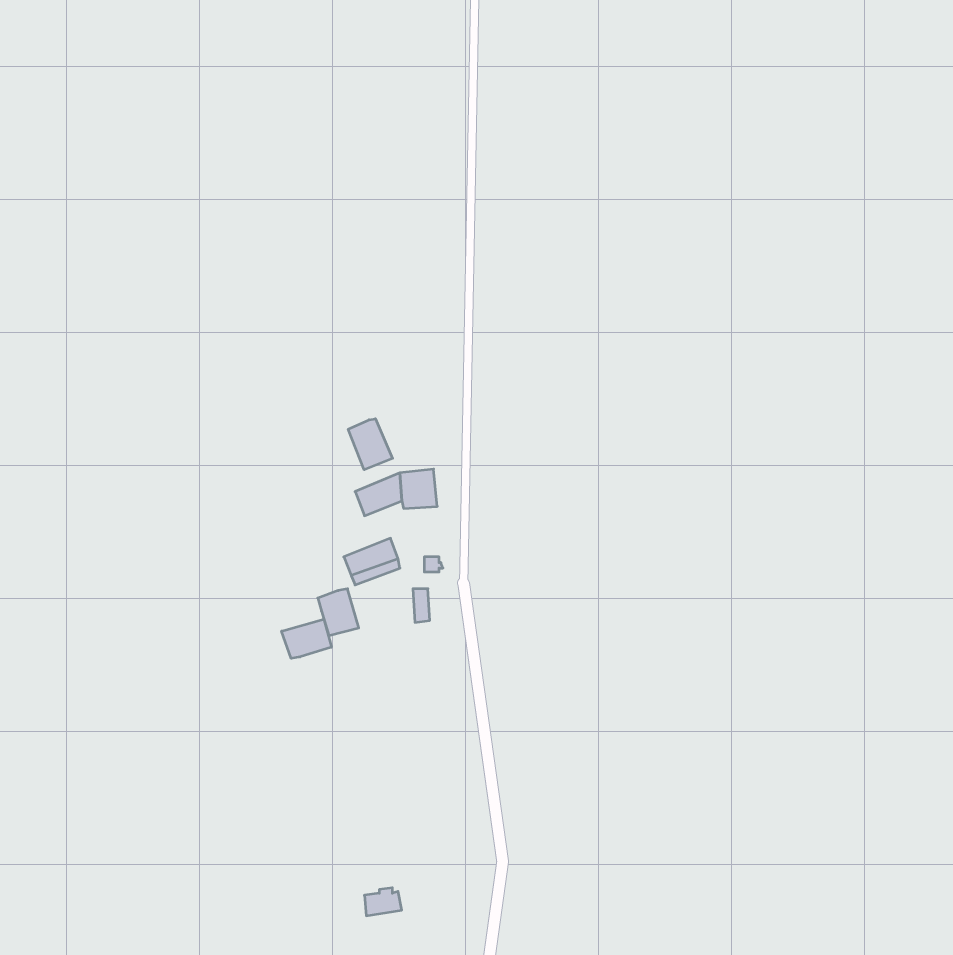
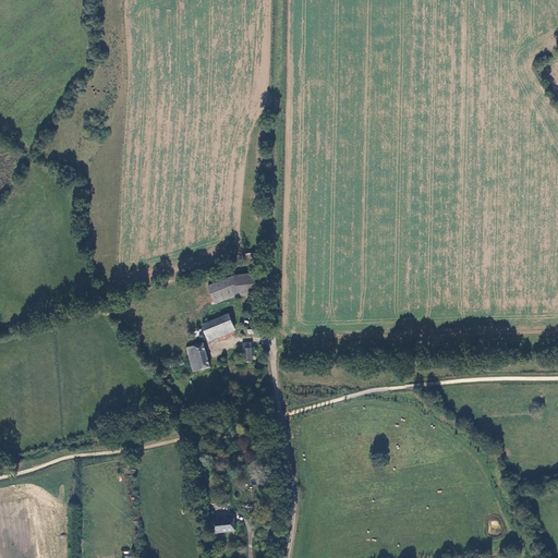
building: [348,419,393,470] -> none
building: [282,619,331,658] -> none

